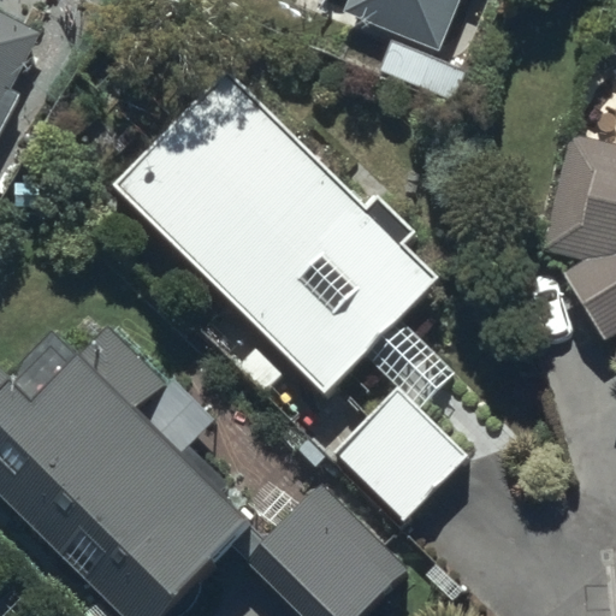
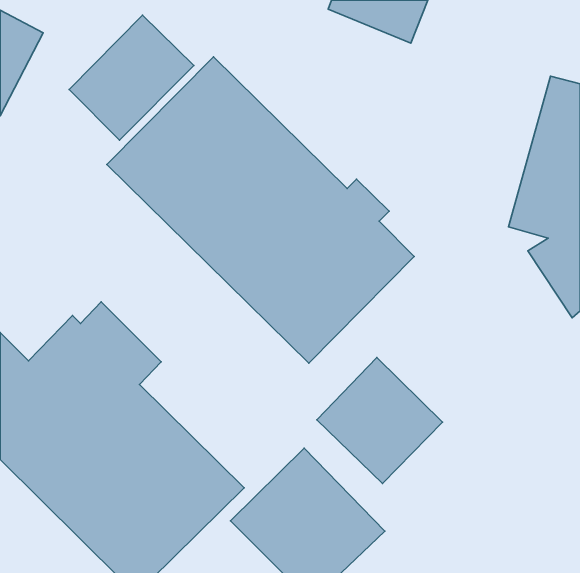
building: none -> [69,15,194,140]

